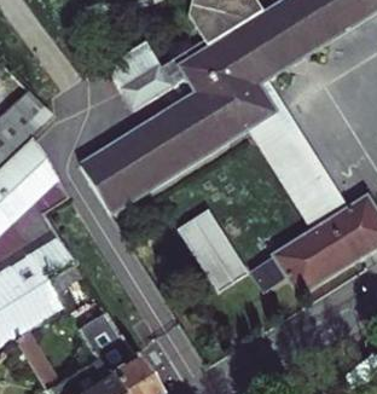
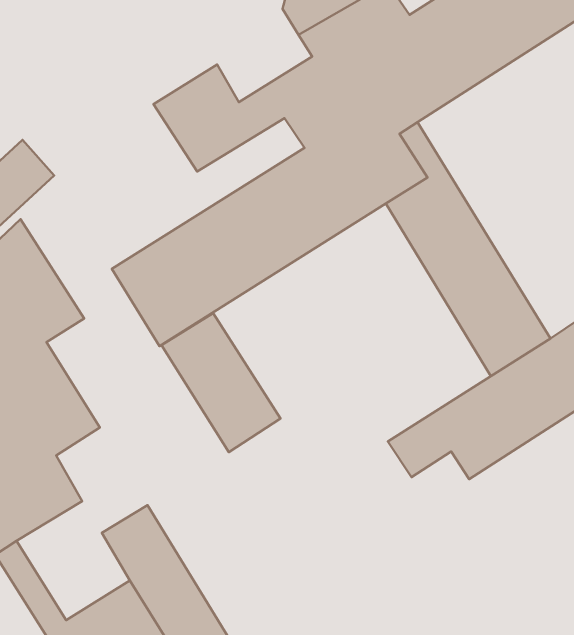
building: [180,208,253,292] -> [161,313,281,452]

